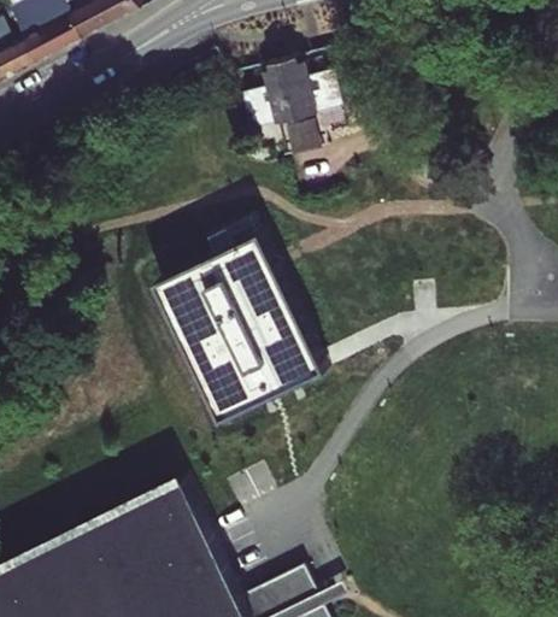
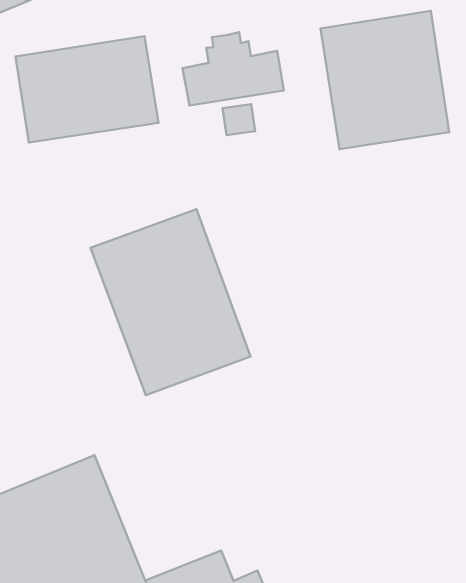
building: none -> [320,11,449,149]
building: none -> [15,36,158,142]

